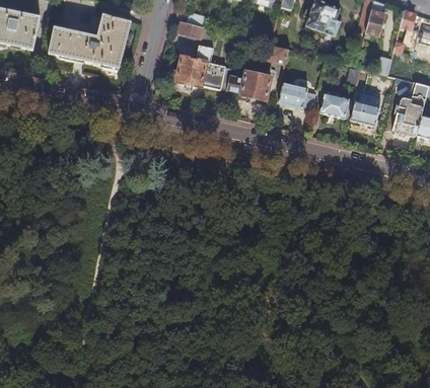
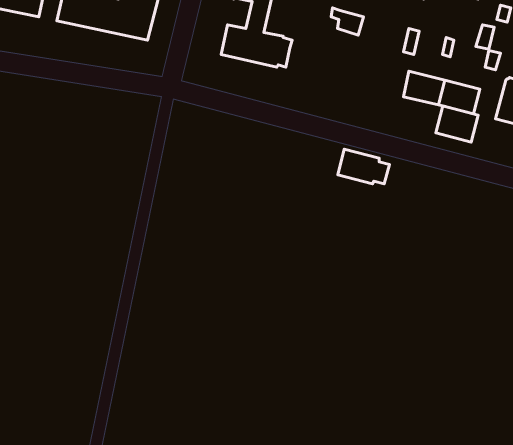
building: [227,70,271,98] -> none
building: [275,81,315,108] -> [338,149,389,184]
building: none -> [436,106,478,142]

